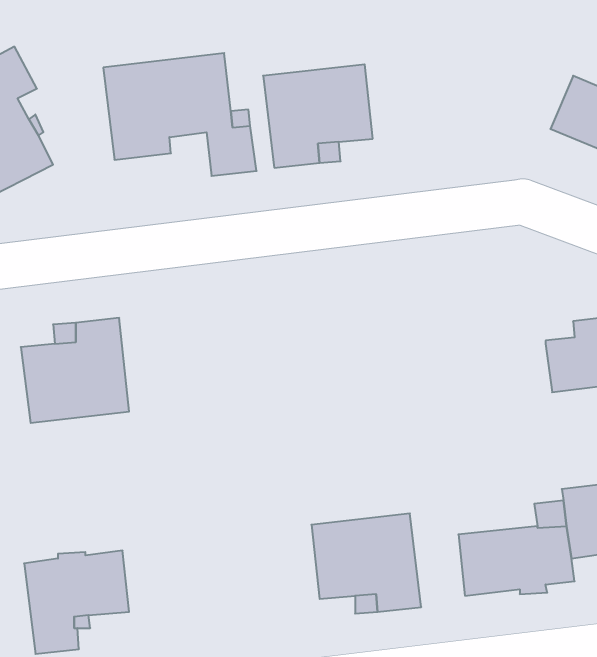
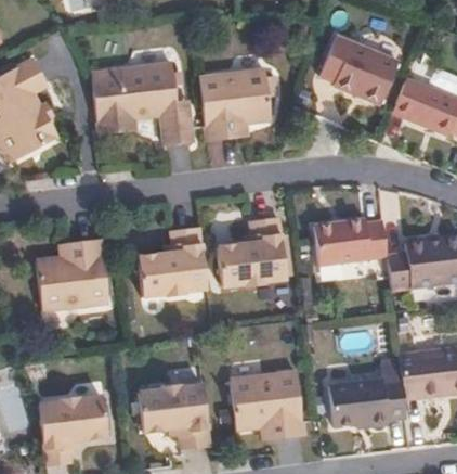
building: none -> [318,35,397,106]
building: none -> [218,217,287,286]
building: none -> [313,218,388,265]
building: none -> [138,227,207,295]
building: none -> [139,383,210,448]

